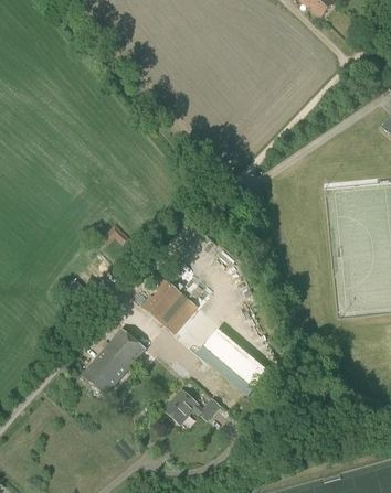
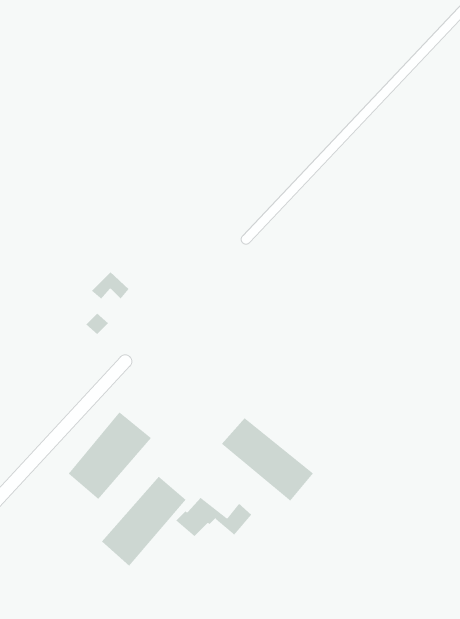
building: [138,278,197,333] -> none
building: none -> [101,476,187,567]

